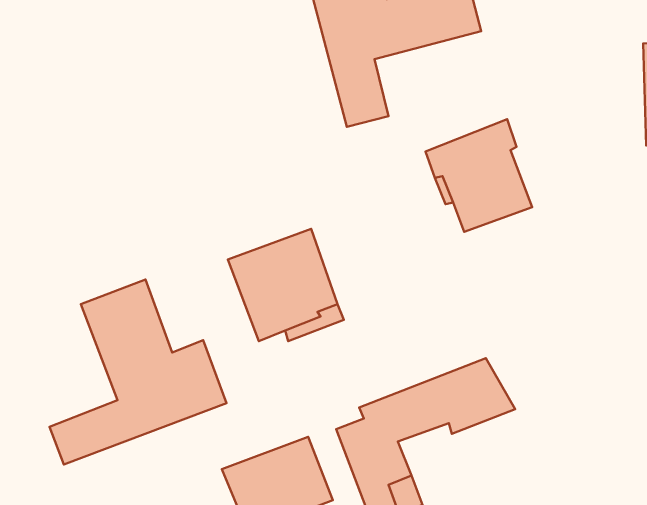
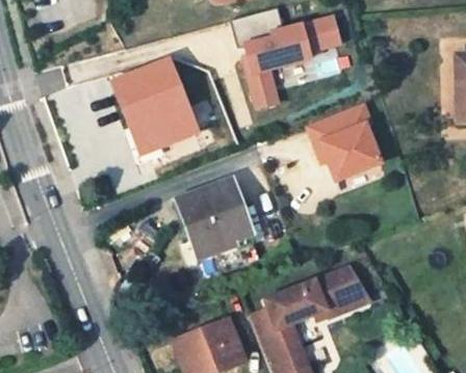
building: none -> [114,59,198,155]
building: [50,280,227,464] -> none

